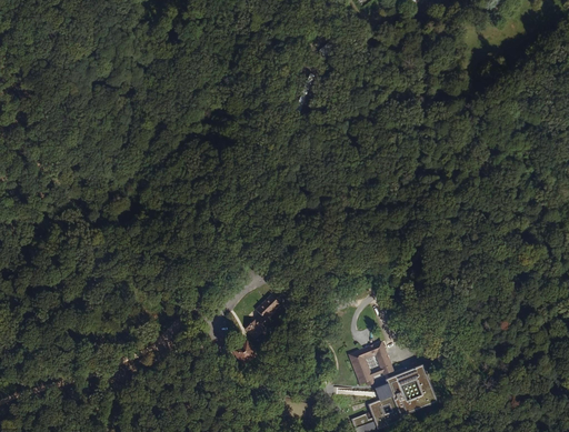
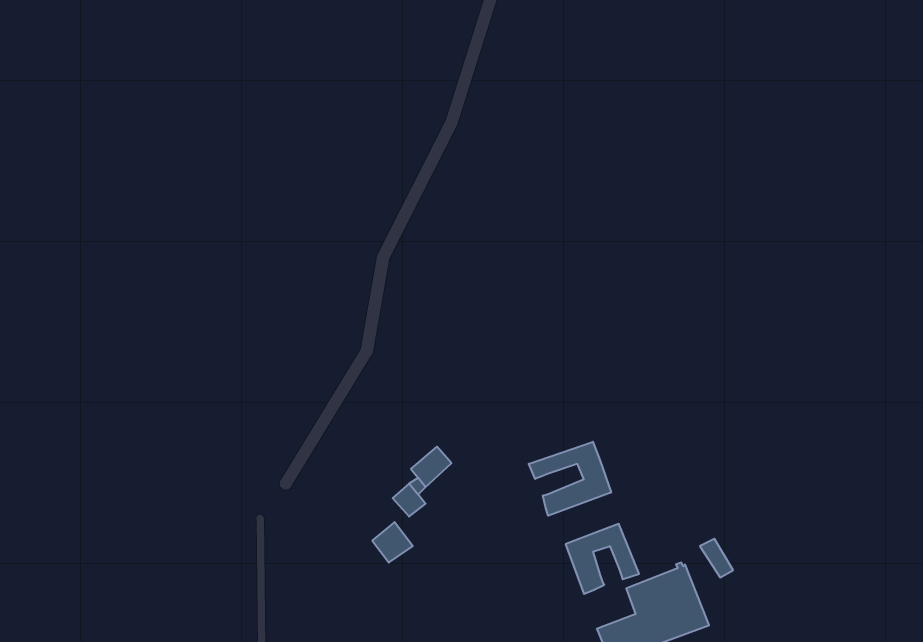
building: none -> [529,442,611,516]

